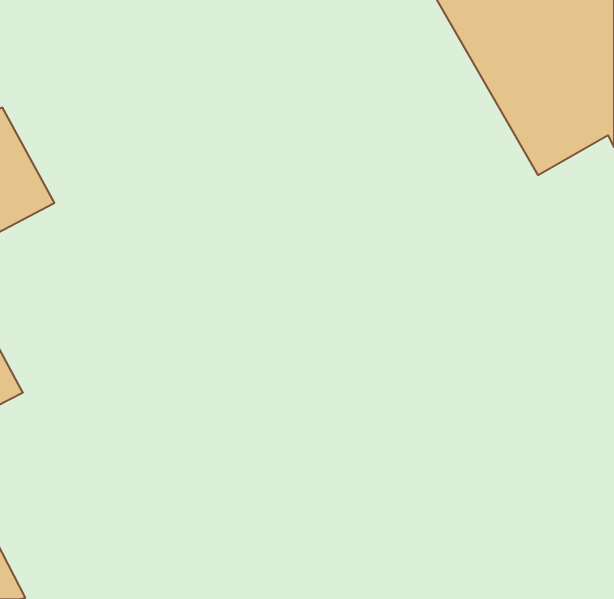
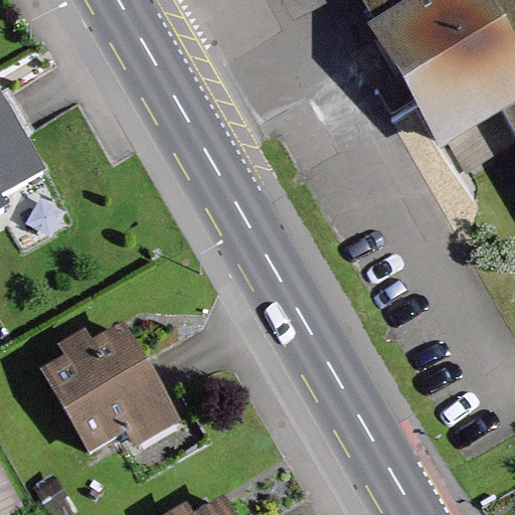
building: none -> [40,324,163,449]

